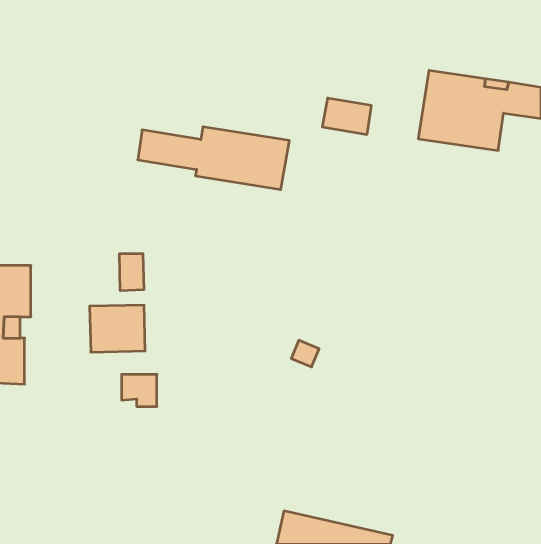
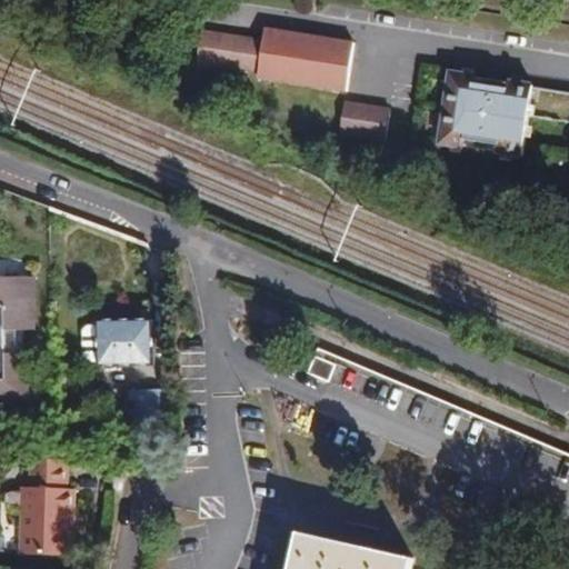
building: [138,127,289,190] -> [193,28,351,93]
building: [120,254,144,291] -> none
building: none -> [18,458,72,556]

